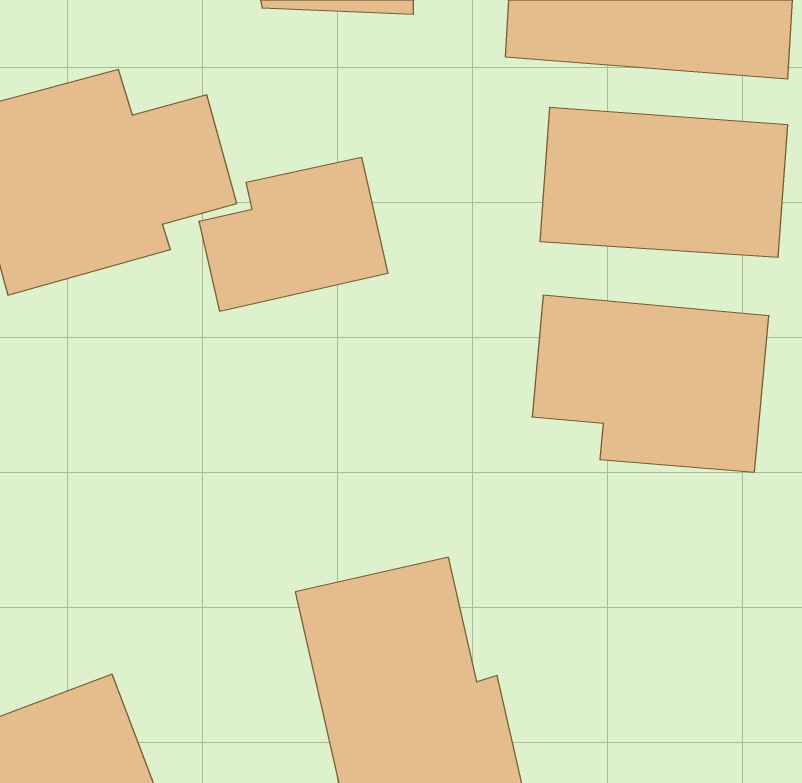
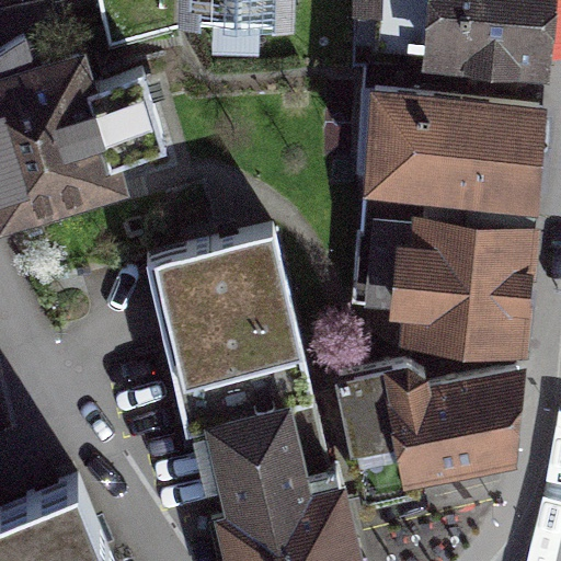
building: [199,157,388,311] -> none
building: none -> [147,232,311,432]
building: none -> [337,365,520,517]

